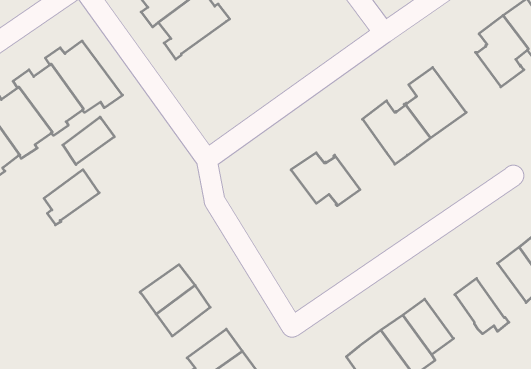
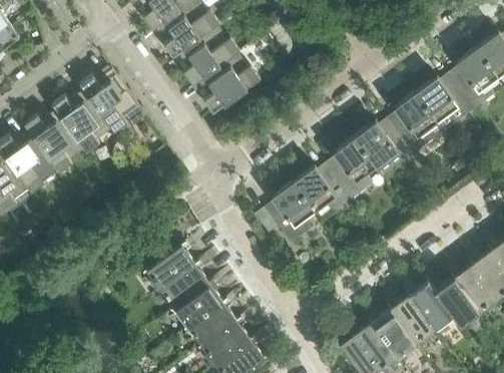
building: none -> [197,52,260,112]
building: none -> [416,77,475,131]
building: [63,117,114,165] -> none
building: none -> [331,137,376,199]
building: [44,170,99,225] -> [147,244,195,292]
building: none -> [269,181,315,244]
building: none -> [454,263,497,310]
building: none -> [409,280,455,333]
building: none -> [189,301,236,345]

